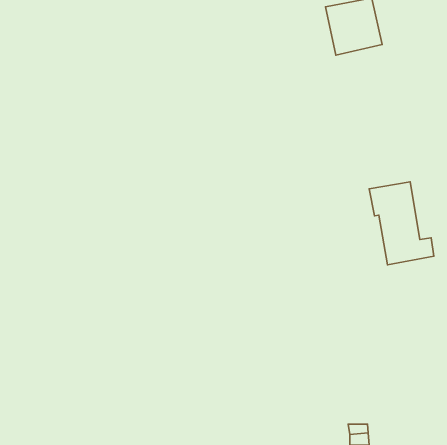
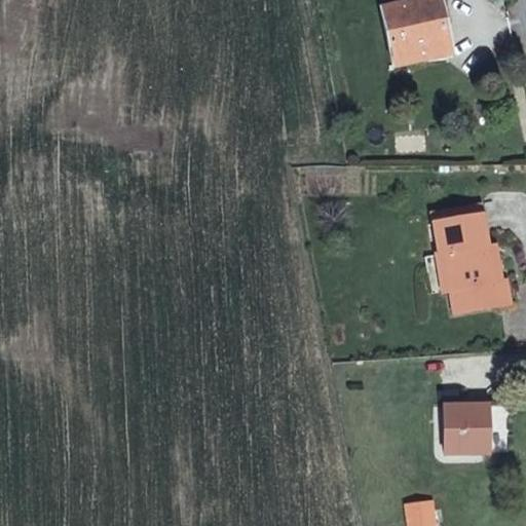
building: none -> [445,405,487,451]

